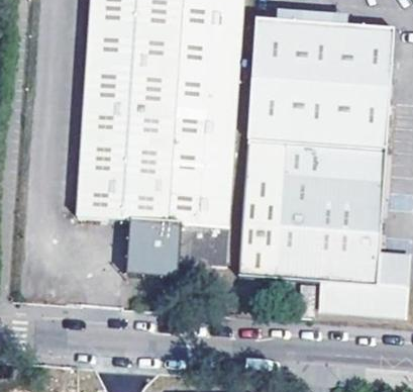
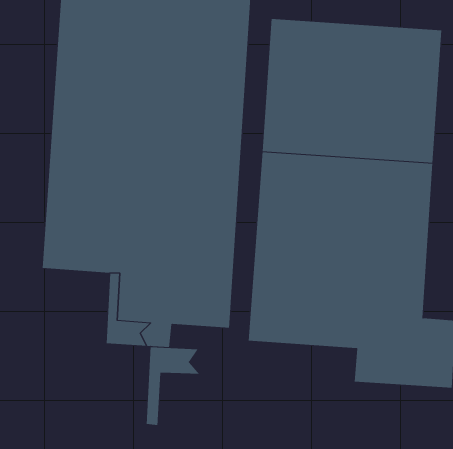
building: none -> [146,346,200,426]

